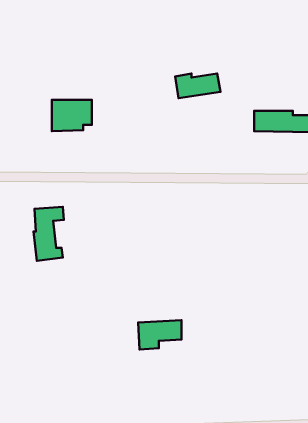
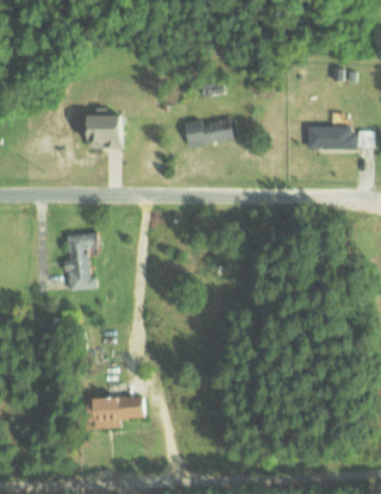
building: [175,73,221,98] -> [185,118,235,145]
building: [138,320,181,349] -> [100,395,148,427]

